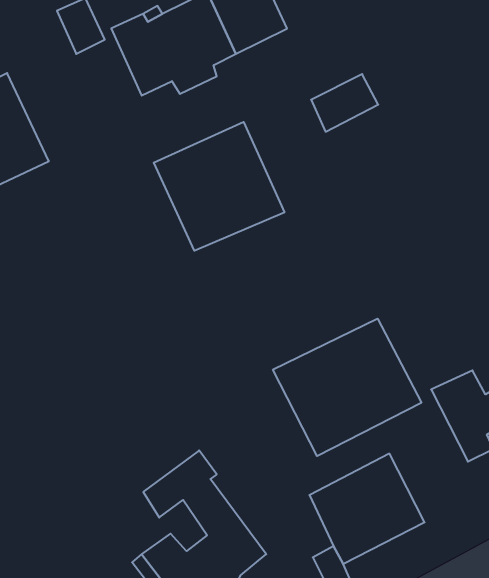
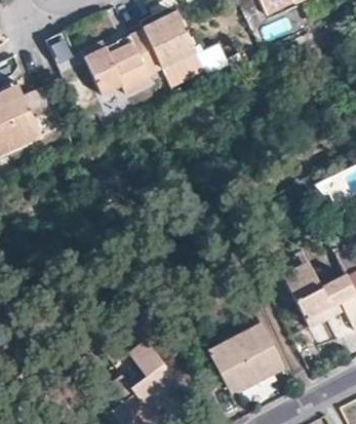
building: [311,74,378,132] -> [162,51,205,88]
building: [154,122,284,251] -> none
building: [273,319,421,456] -> none

